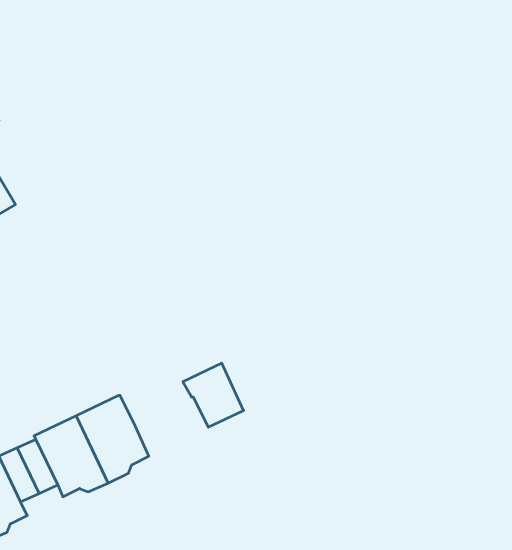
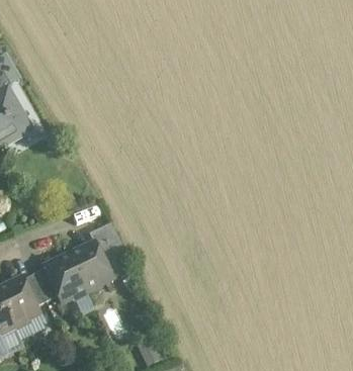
building: [183,363,244,427] -> [88,222,124,261]

